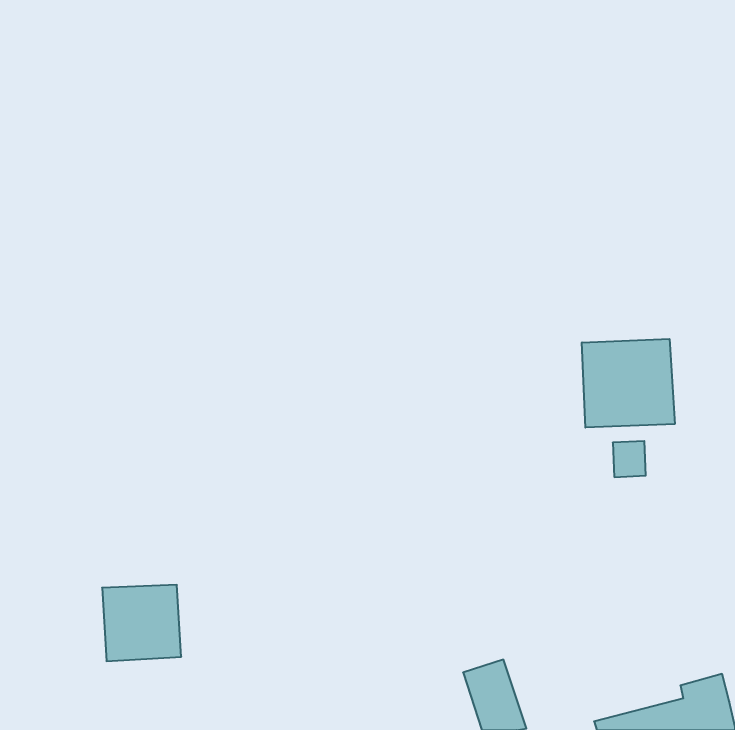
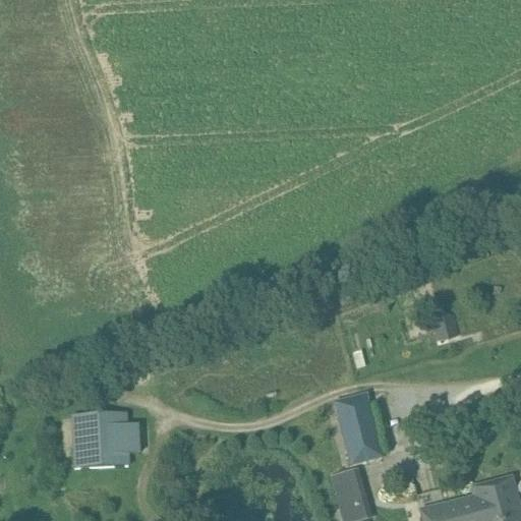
building: [582,339,675,428] -> none
building: none -> [335,395,382,465]

